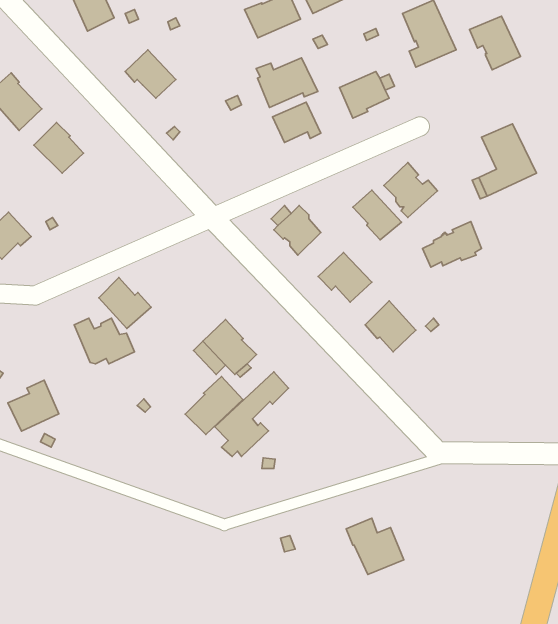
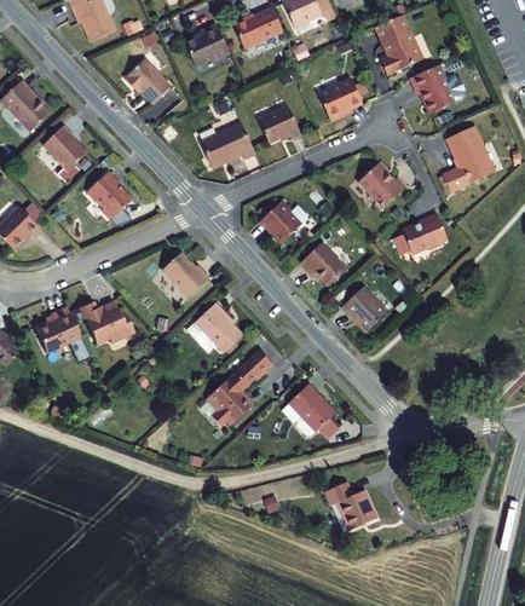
building: none -> [185,23,229,65]
building: [469,16,520,70] -> [410,65,456,114]
building: [256,58,318,108] -> [200,123,255,168]
building: none -> [86,171,132,220]
building: [353,190,402,240] -> none
building: [99,278,151,329] -> [162,252,209,298]
building: [185,376,243,434] -> none
building: [8,380,59,431] -> [33,306,79,352]
building: none -> [288,383,335,435]

